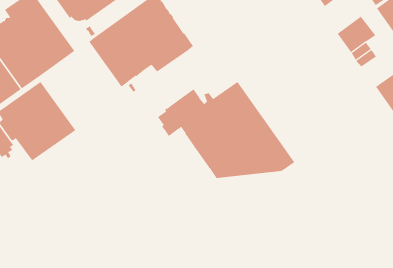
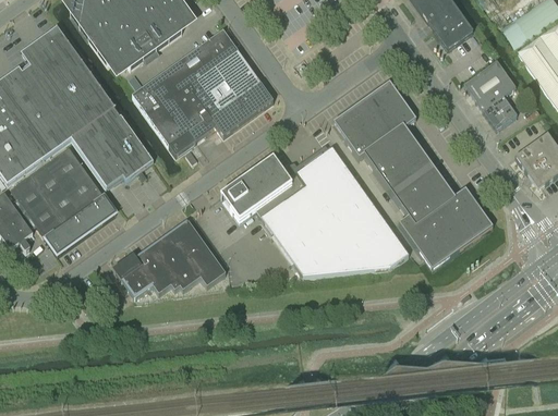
building: none -> [333,81,494,269]
building: none -> [72,107,154,187]
building: none -> [116,218,226,296]

